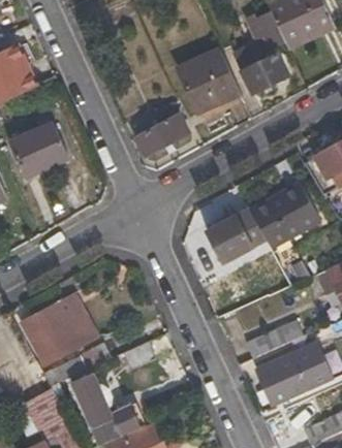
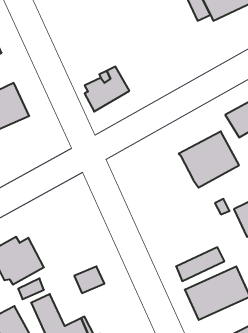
building: [177,47,241,113] -> none
building: [243,52,289,90] -> none
building: [205,209,266,261] -> none

